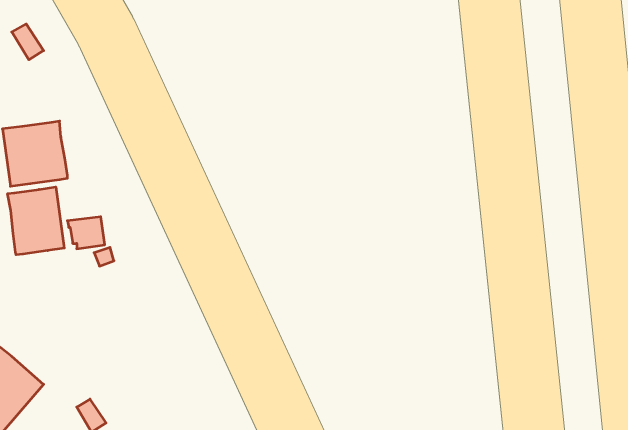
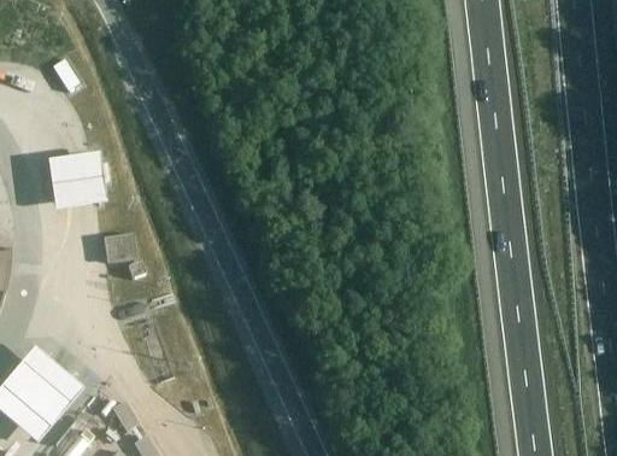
building: [8,187,64,255] -> none

